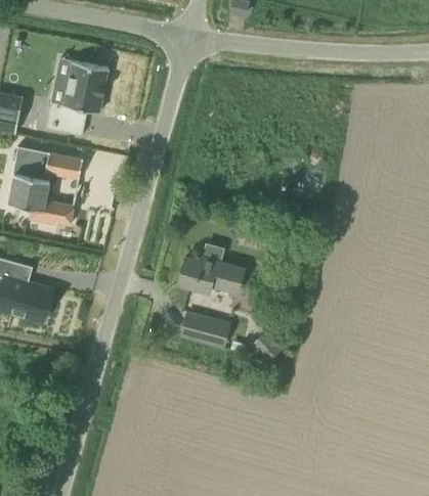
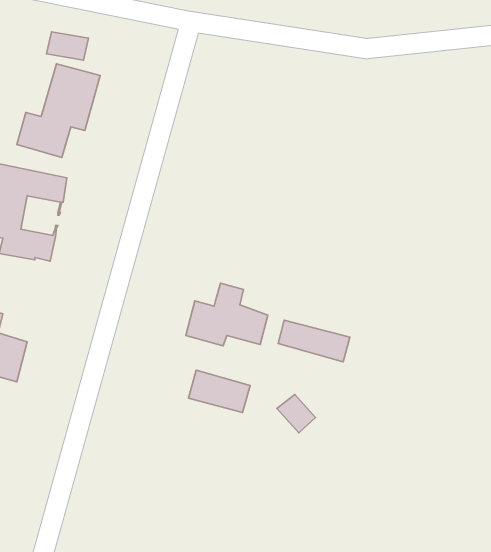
building: none -> [278,320,350,362]

